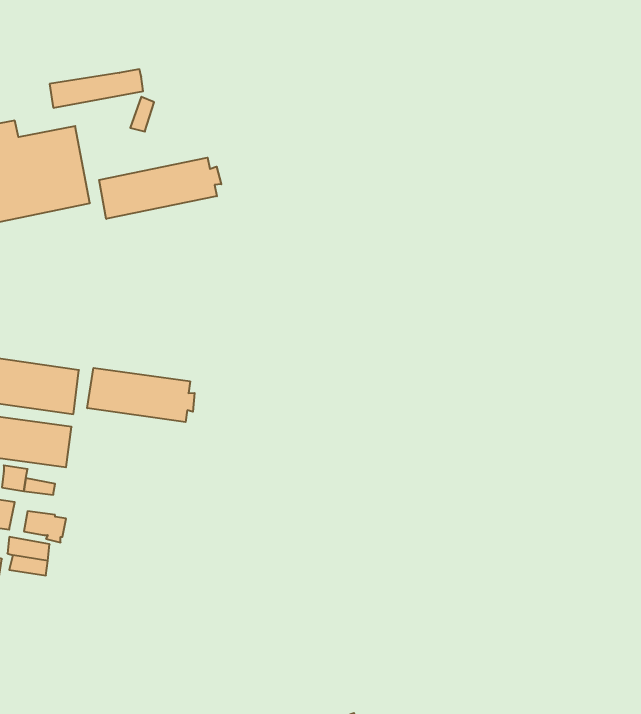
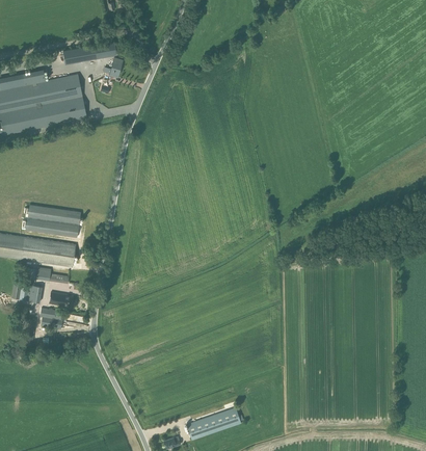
building: [99,158,221,219] -> none
building: [87,368,195,422] -> none

